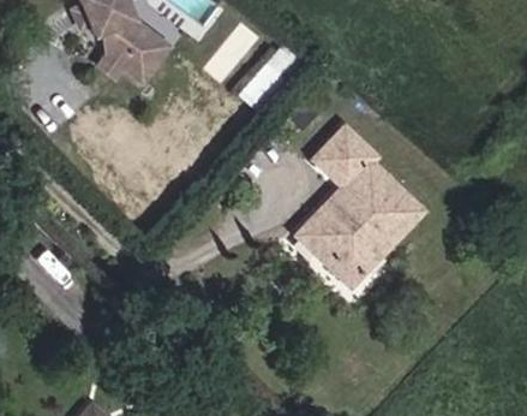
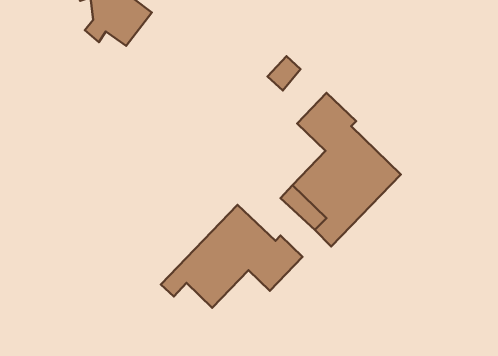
building: none -> [161,205,302,308]

